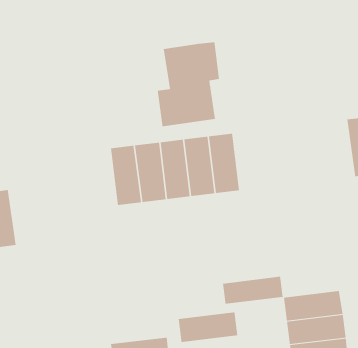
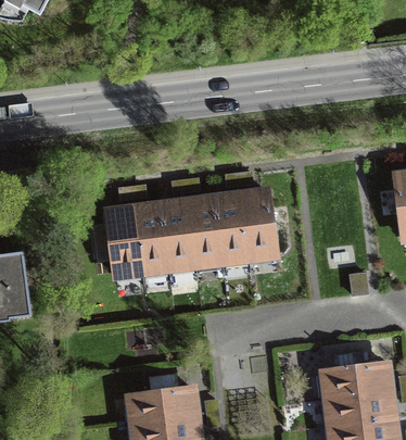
building: [157,41,219,127] -> none
building: none -> [104,204,140,272]
building: [222,276,283,305] -> none
building: [178,312,238,343] -> [129,386,195,419]

